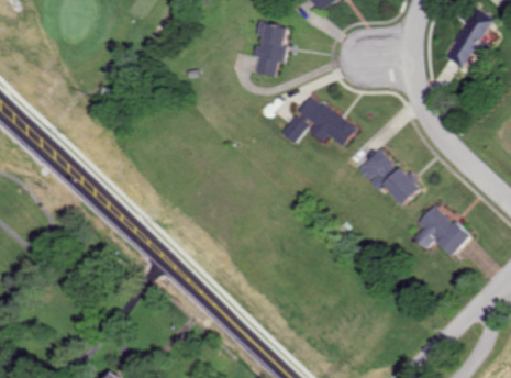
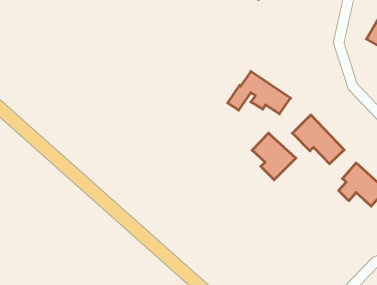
building: [253,23,288,77] -> none
building: none -> [252,133,296,180]

